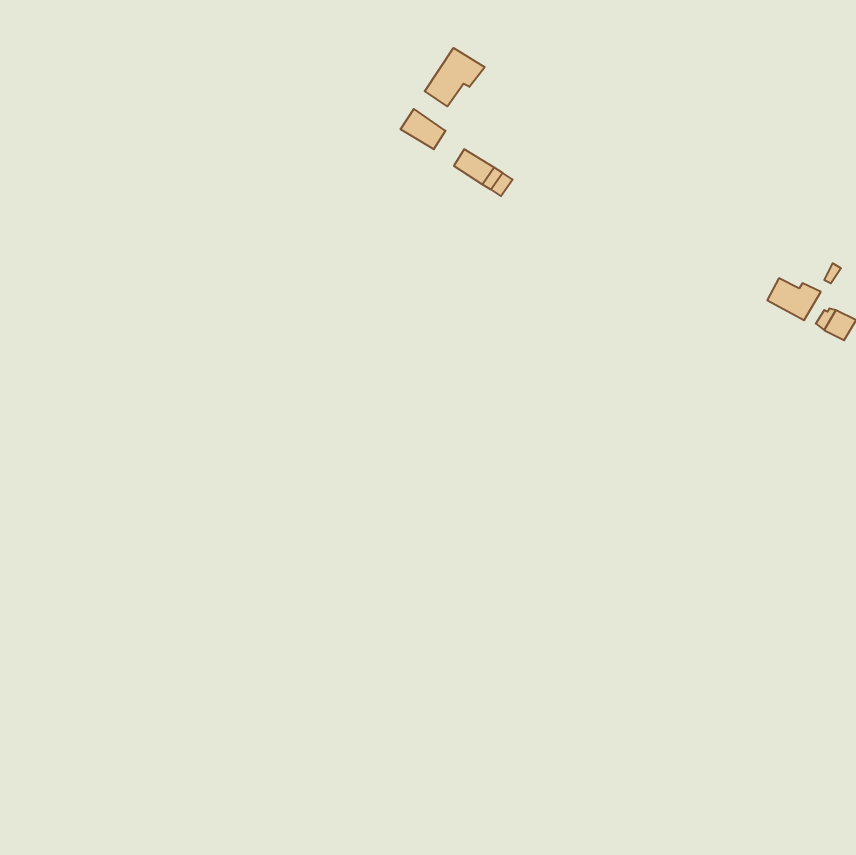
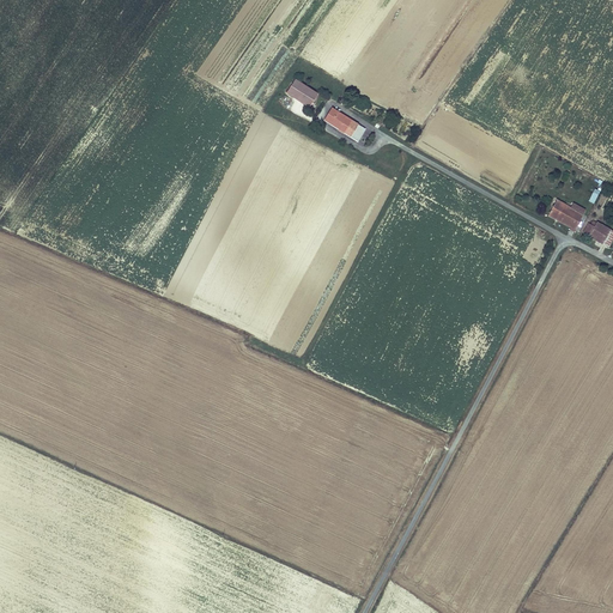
building: [425,48,485,106] -> none

